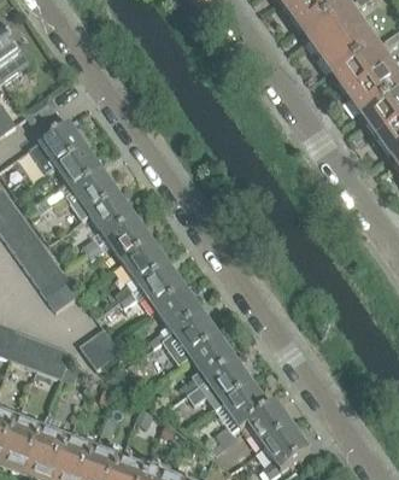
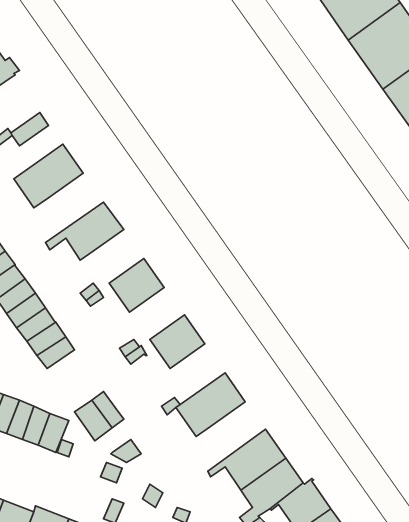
building: [51,146,104,204] -> none
building: [92,193,137,238] -> none
building: [125,241,171,285] -> none
building: [159,288,205,333] -> none
building: [184,336,239,394] -> none

